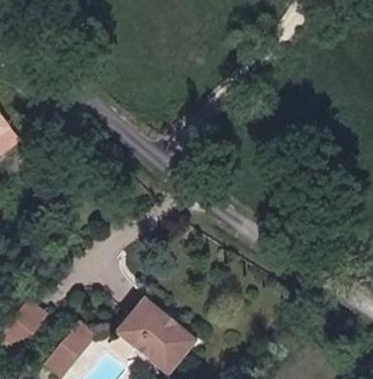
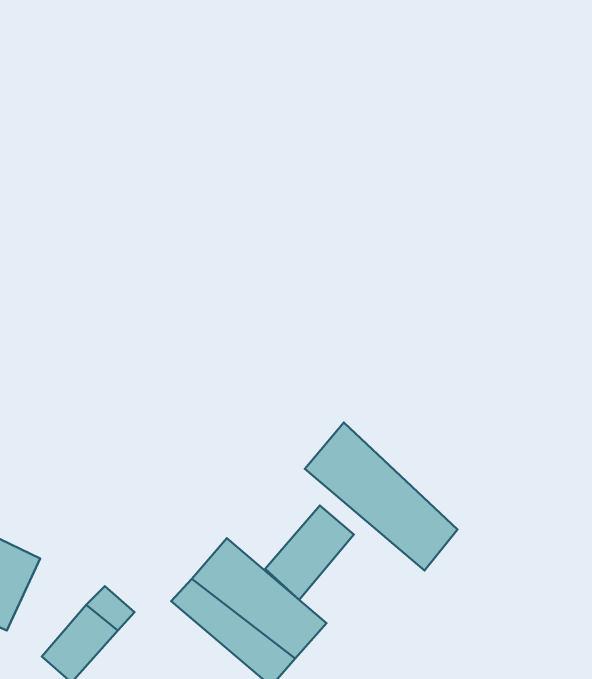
building: none -> [305,423,458,571]
building: none -> [265,506,354,600]

